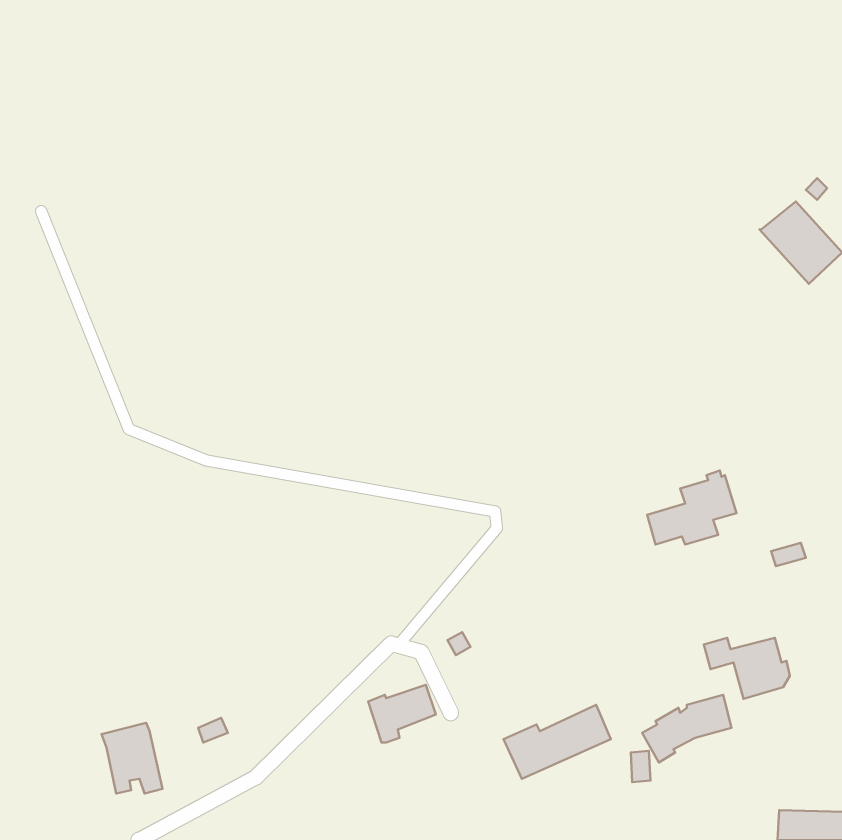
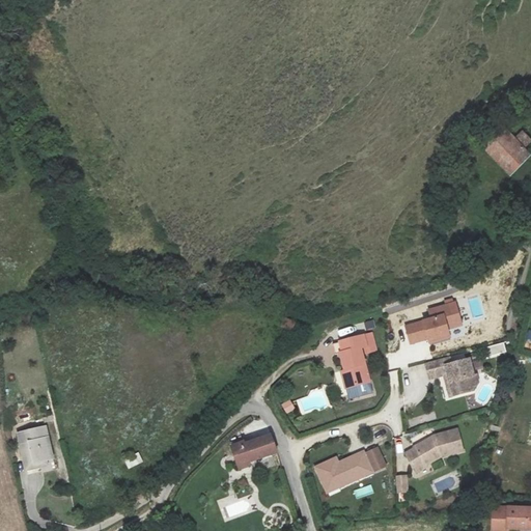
building: none -> [339,331,378,386]
building: [704,638,790,699] -> [426,356,480,394]
building: [101,723,163,794] -> [15,431,53,476]

